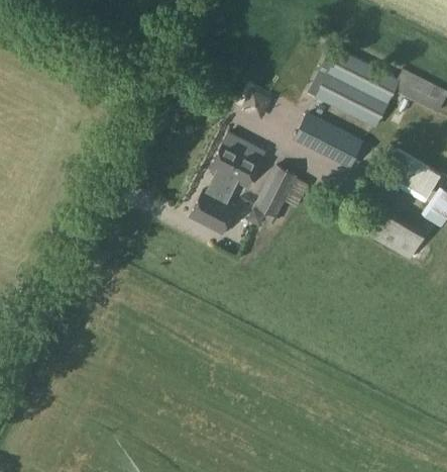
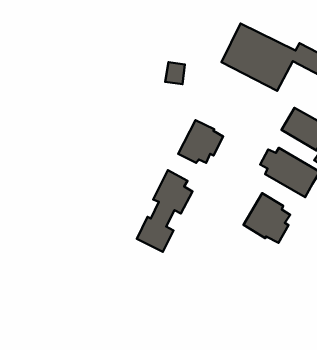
building: [294,113,363,168] -> none
building: [191,132,259,233] -> [137,170,192,252]
building: none -> [244,193,290,243]

